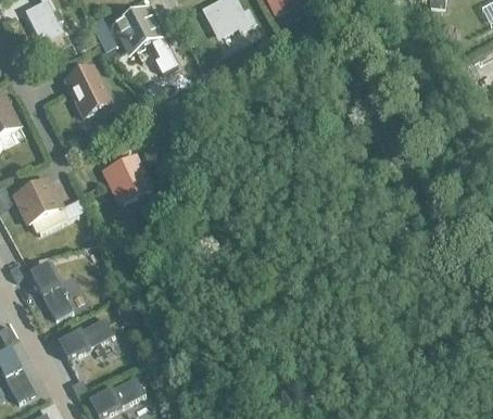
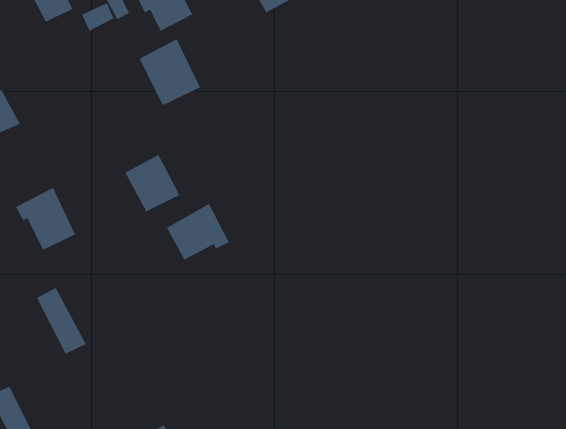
building: [63,63,114,118] -> [139,39,201,106]
building: none -> [166,203,230,261]
building: [59,315,115,357] -> none

